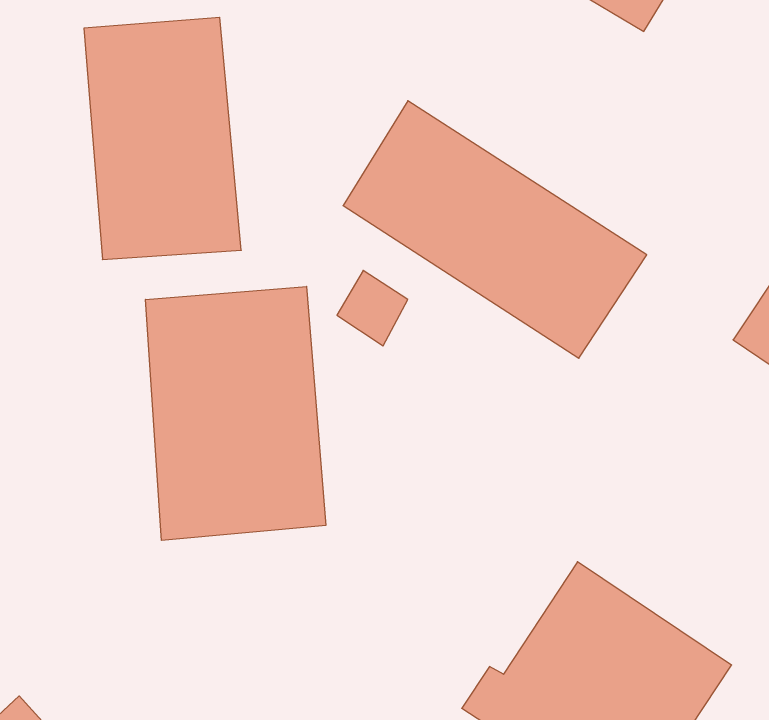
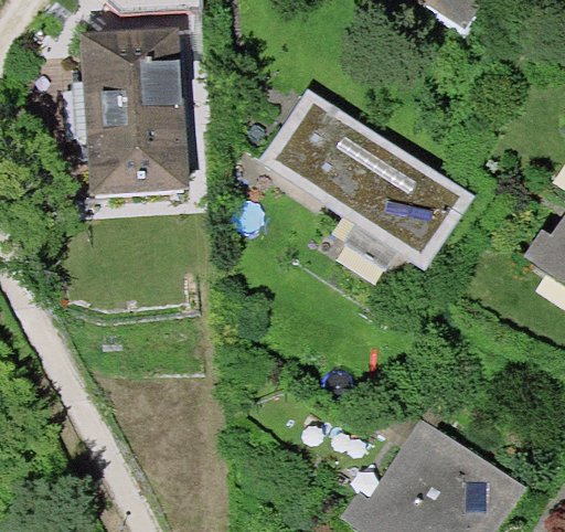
building: [146,286,326,540] -> none

